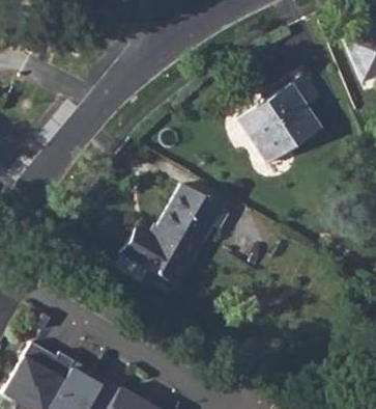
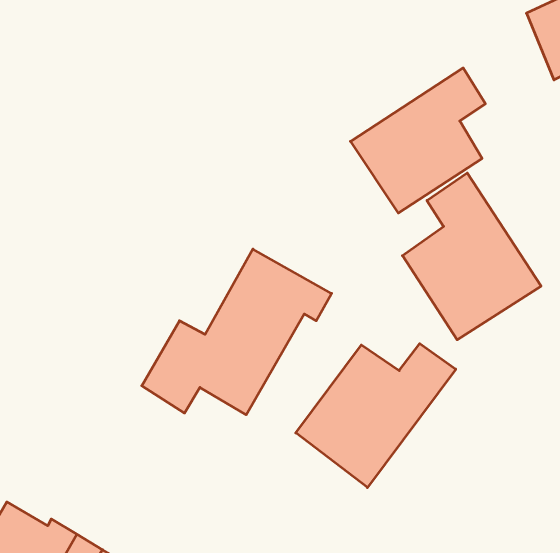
building: none -> [402,173,541,340]
building: none -> [296,344,456,488]

